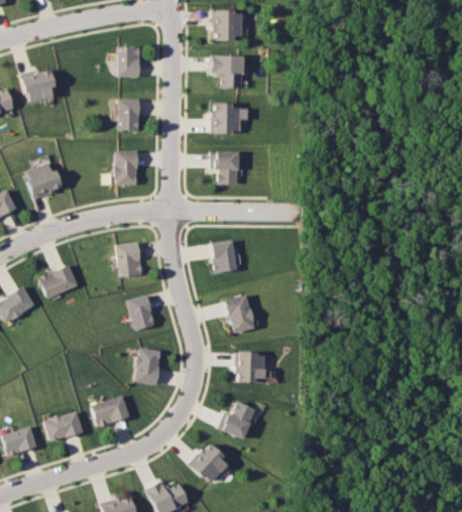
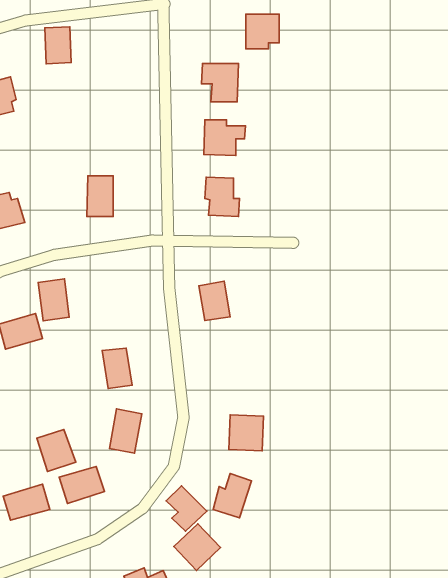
building: [214,11,242,40] -> [246,14,279,49]
building: [118,45,140,77] -> [45,27,71,64]
building: [119,99,139,130] -> none
building: [116,242,142,277] -> [38,279,69,321]
building: [225,294,253,333] -> none
building: none -> [37,430,76,471]
building: none -> [166,486,207,531]

